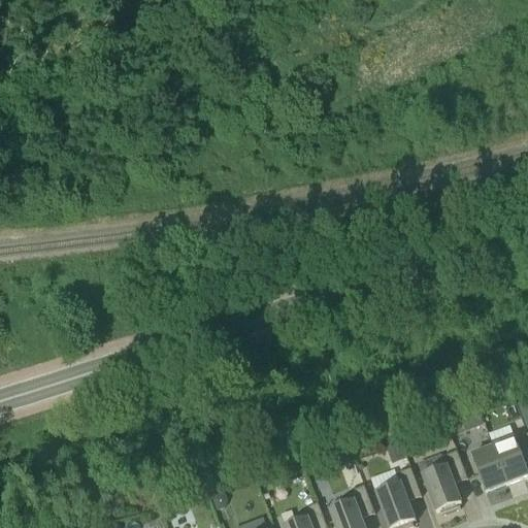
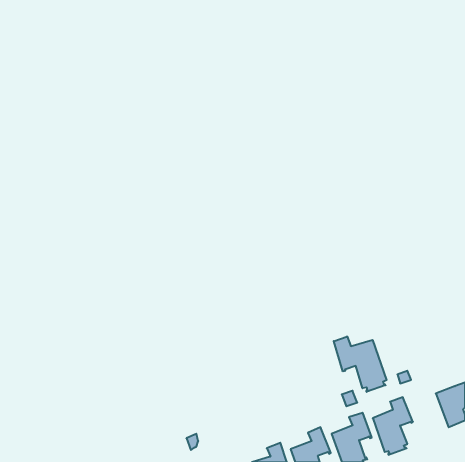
building: none -> [334,336,387,392]
building: [469,444,506,491] -> none

